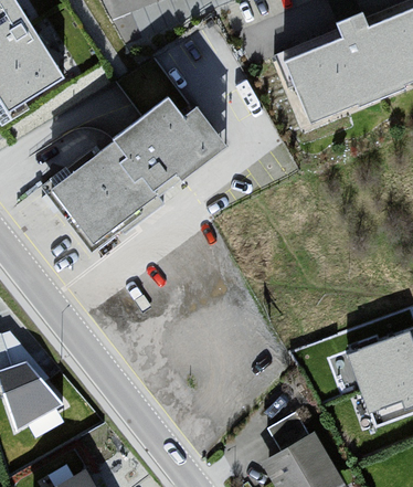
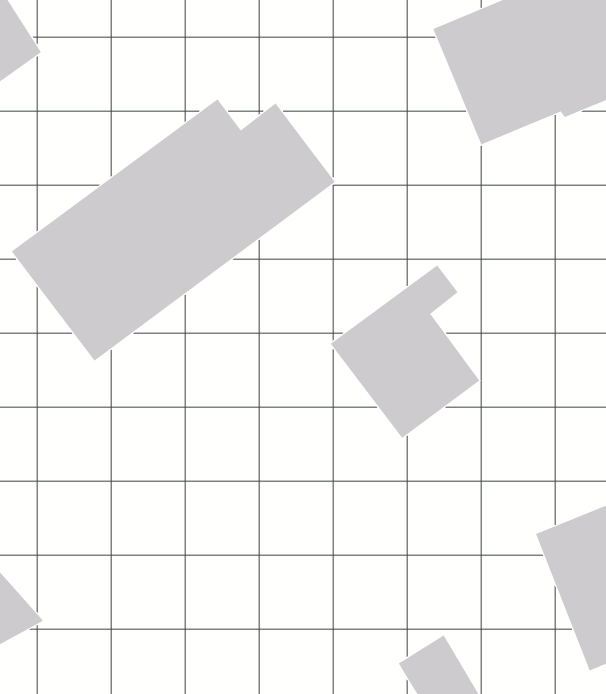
building: none -> [330,265,480,439]

